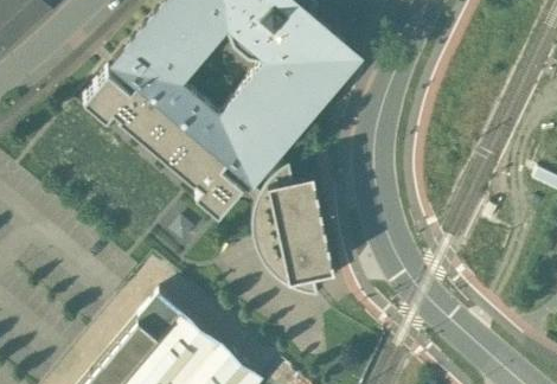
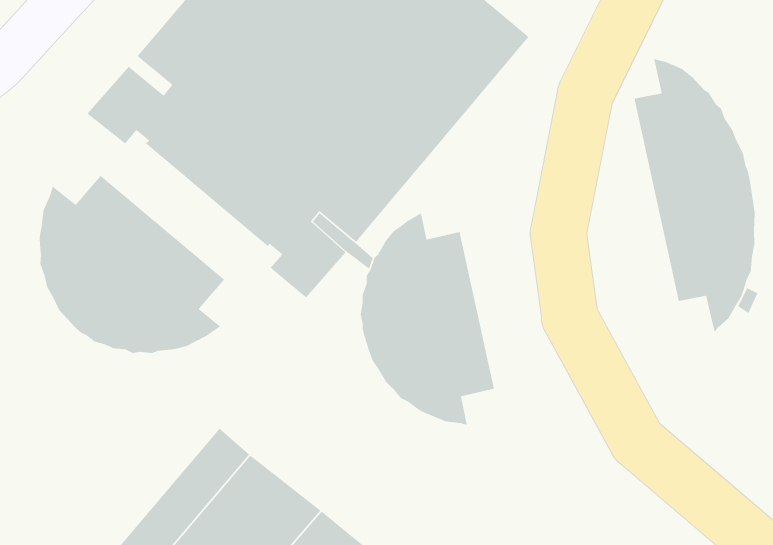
building: none -> [633,58,755,334]
building: none -> [39,175,225,354]

